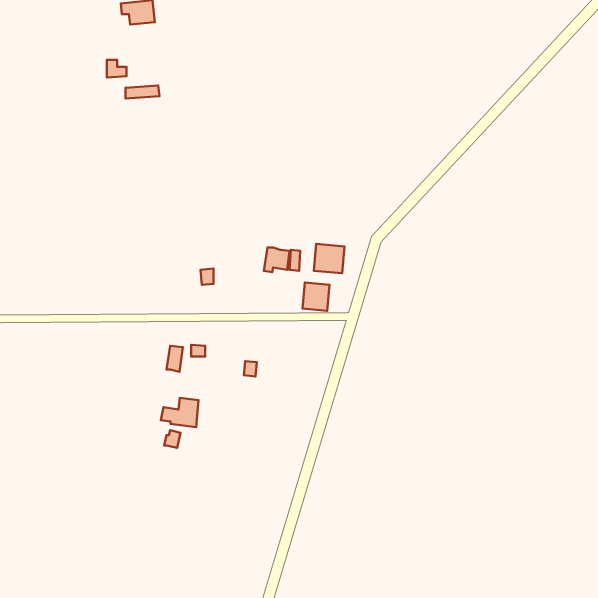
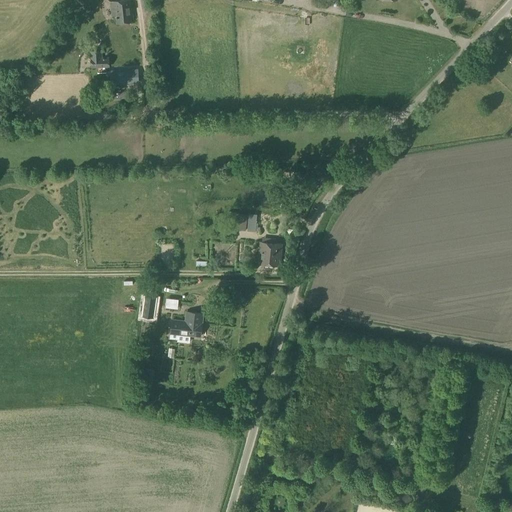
building: [314,244,345,273] -> none
building: [161,398,199,427] -> [171,311,203,336]

